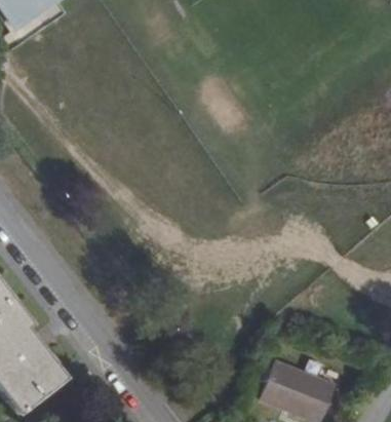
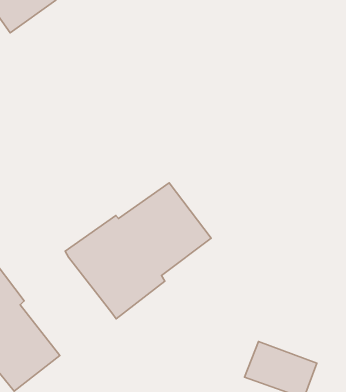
building: none -> [65,183,211,319]

